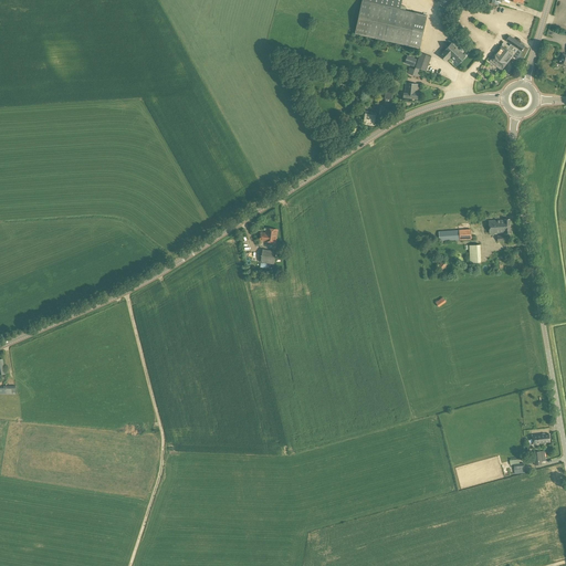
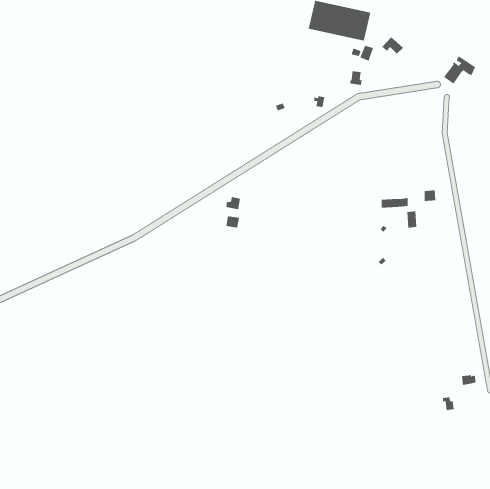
building: [491,34,528,67] -> [443,56,476,84]

